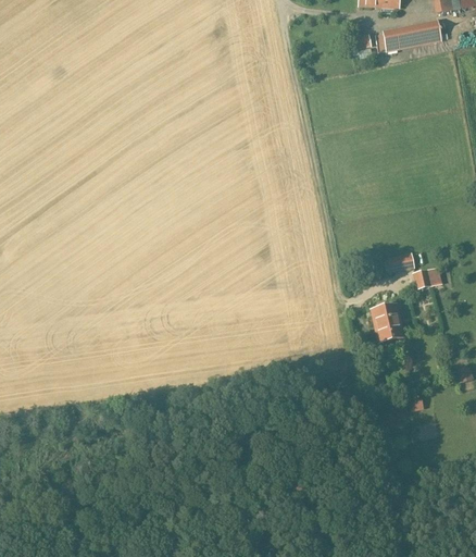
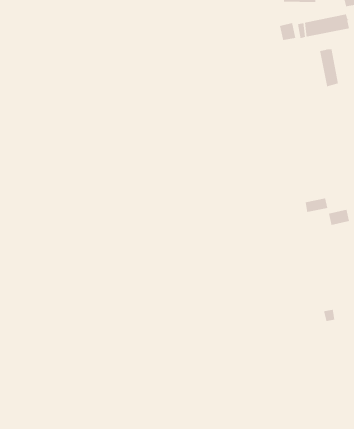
building: none -> [320,48,339,87]
building: [372,302,403,342] -> none

